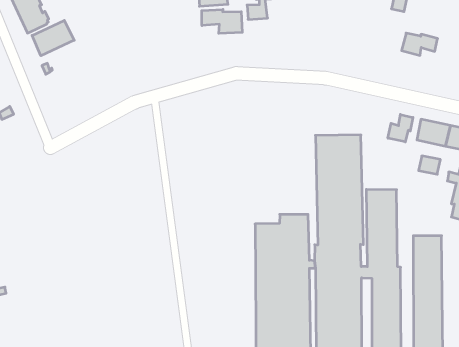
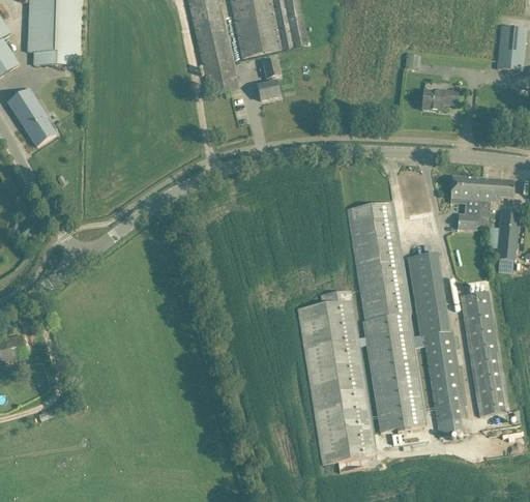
building: [202,9,242,33] -> none
building: [32,20,74,56] -> none
building: [388,114,413,142] -> none

